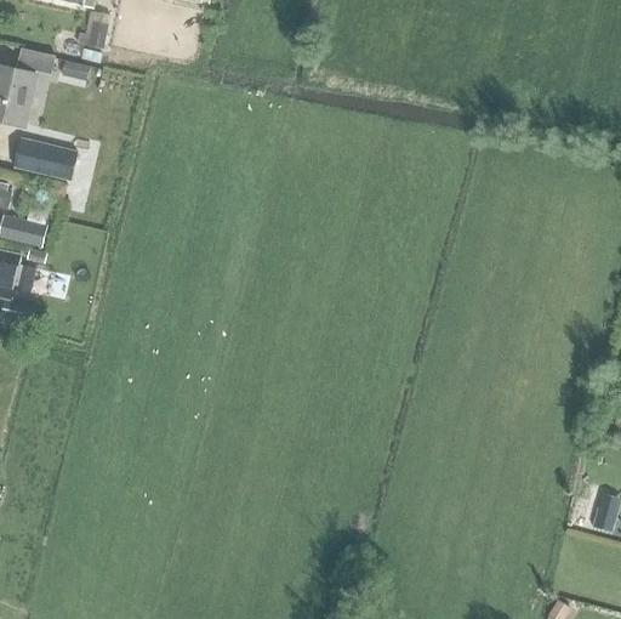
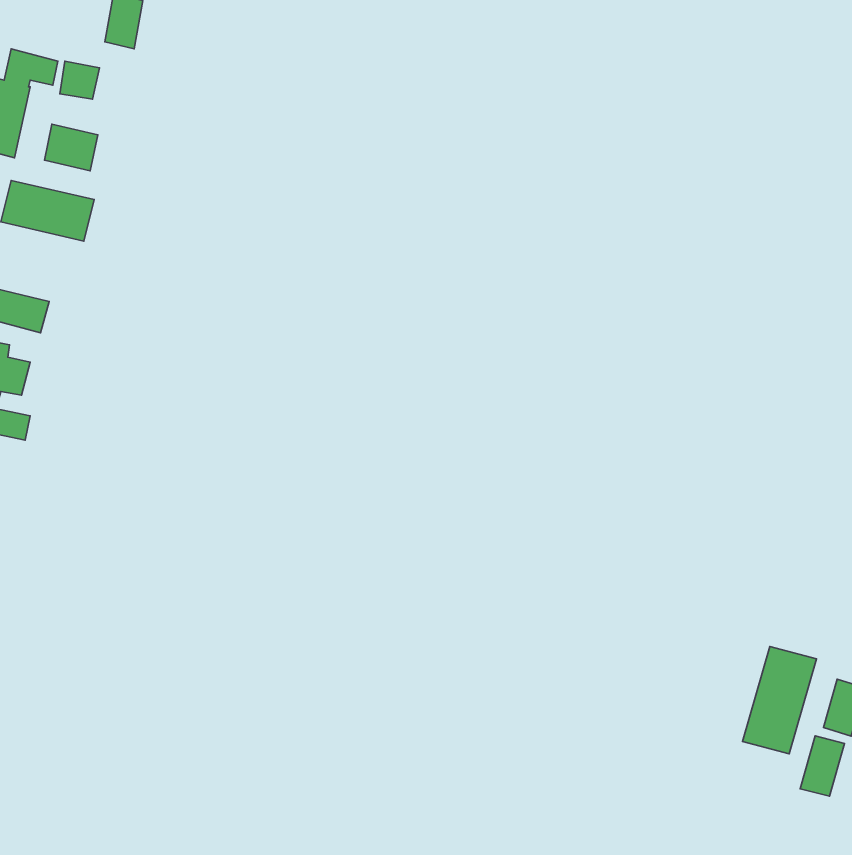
building: none -> [44,124,98,171]
building: none -> [743,646,816,754]
building: none -> [800,736,845,796]

